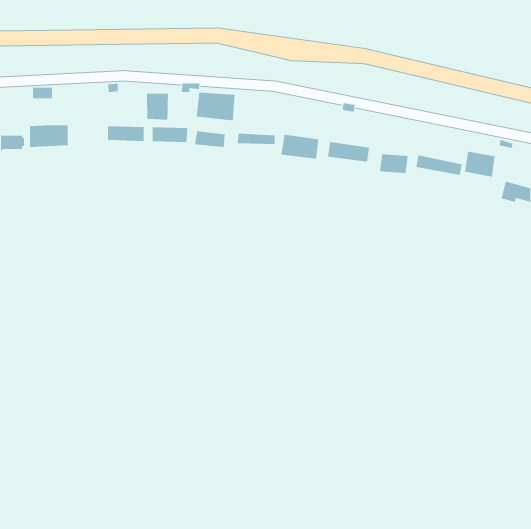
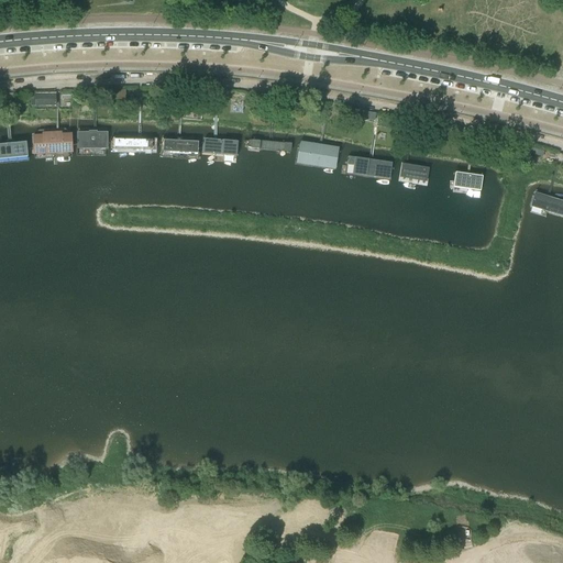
building: [196,92,235,121] -> none
building: [147,93,169,120] -> none
building: none -> [78,132,106,150]
building: [465,151,495,177] -> none

